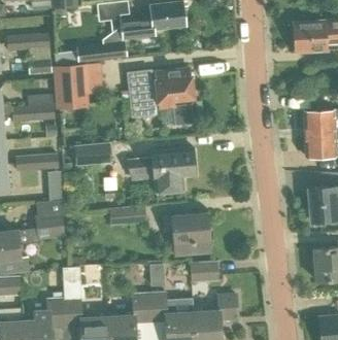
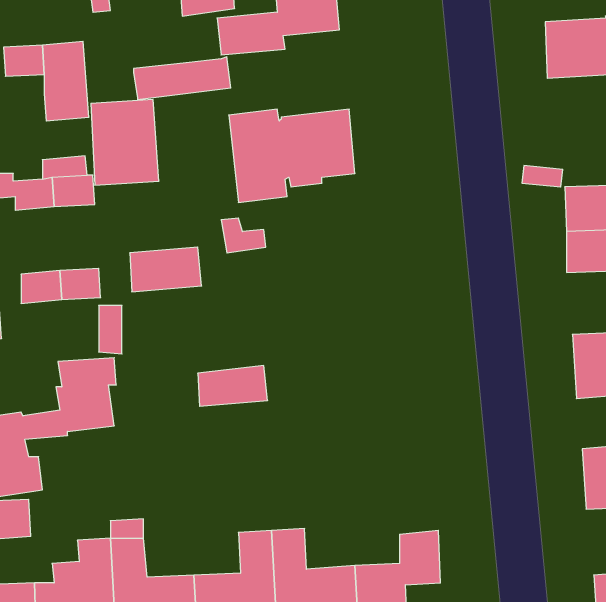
building: [129,148,195,193] -> none
building: [162,212,210,256] -> none
building: [190,261,218,282] -> none

